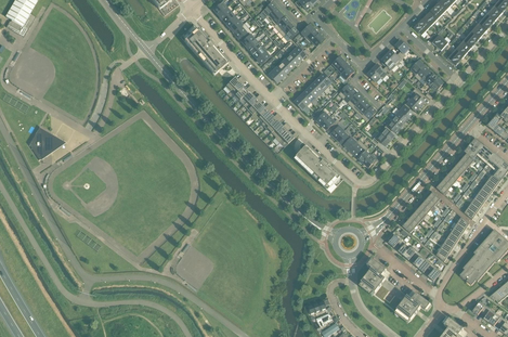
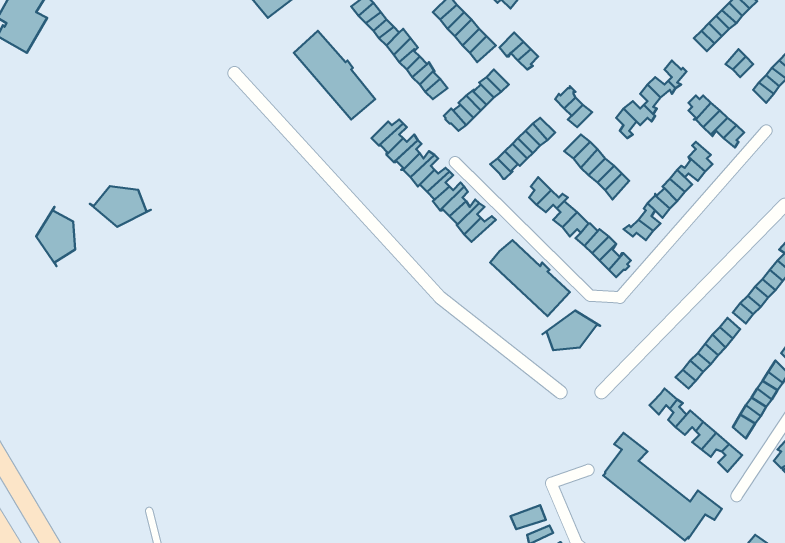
building: none -> [90,186,151,227]
building: none -> [543,310,600,350]

